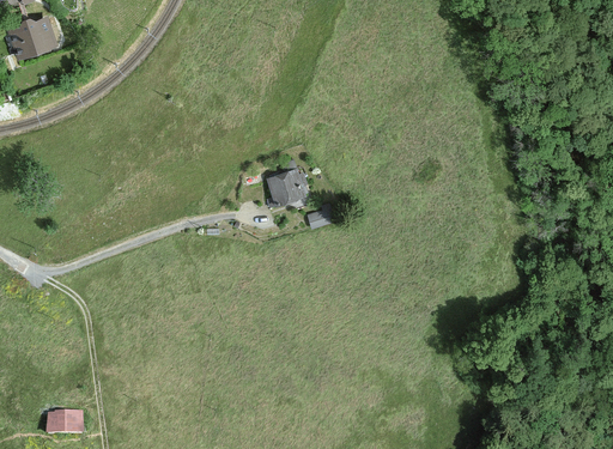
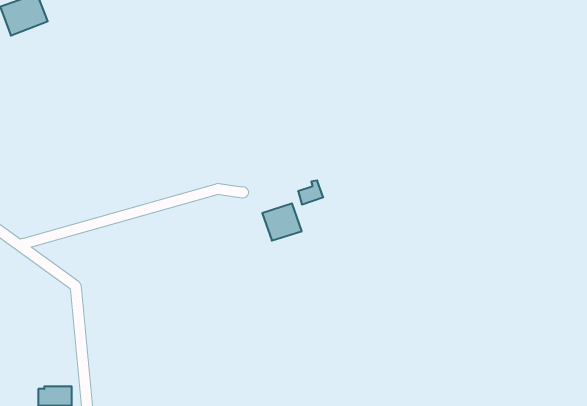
building: [267,169,306,206] -> [262,203,302,241]

